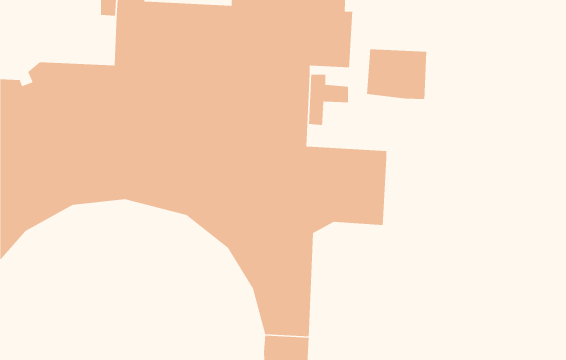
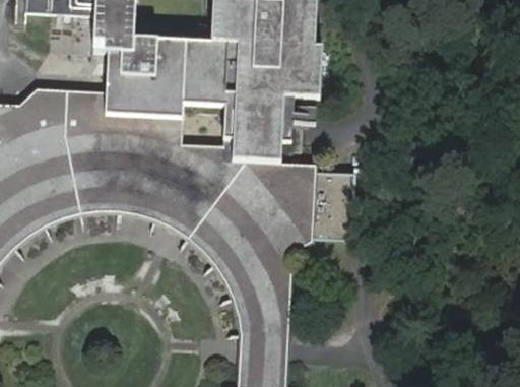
building: [366,48,427,100] -> none

